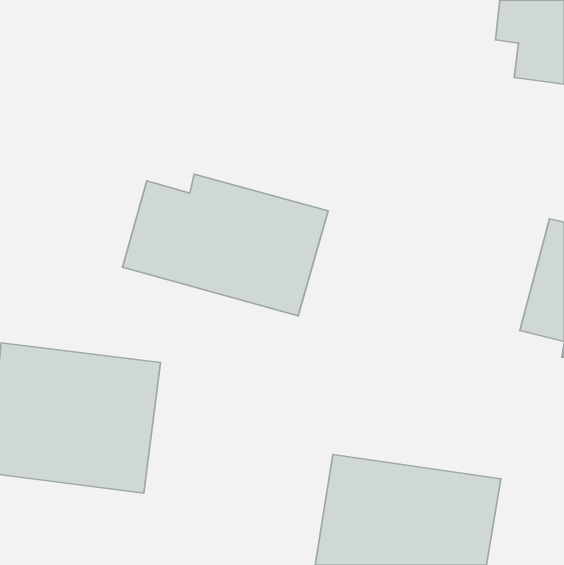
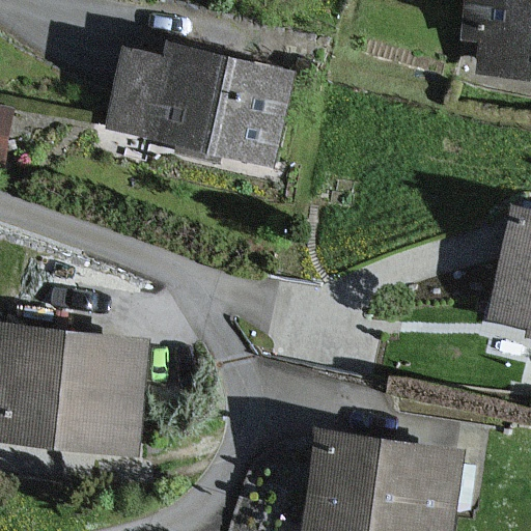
building: [122,174,328,316] -> [105,41,298,174]

